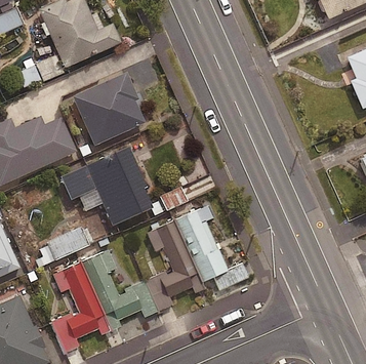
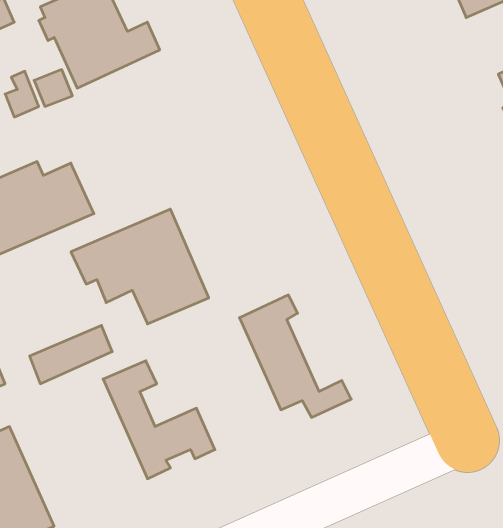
building: [73,72,145,145] -> none
building: [146,220,205,309] -> none
building: [53,261,113,351] -> none

